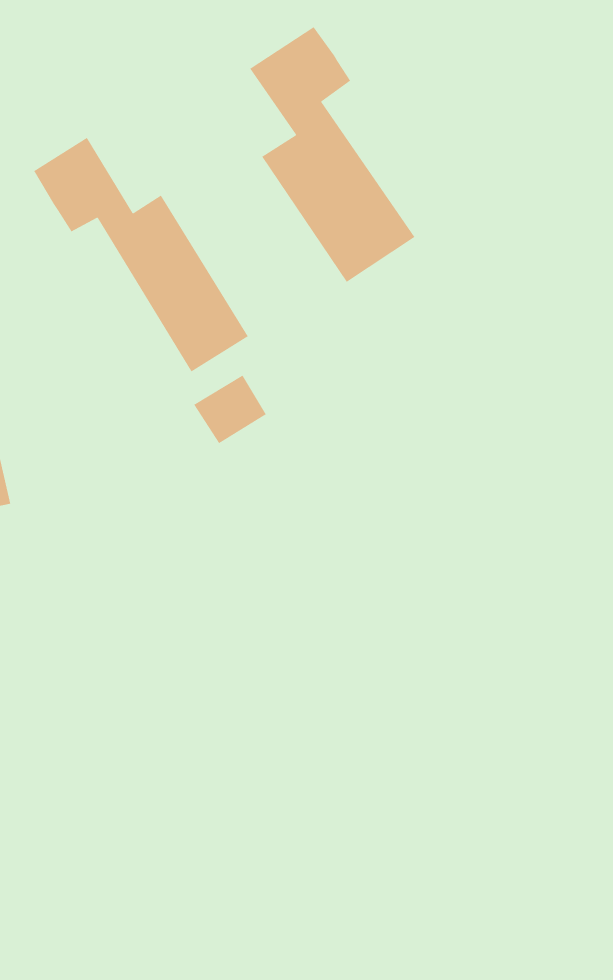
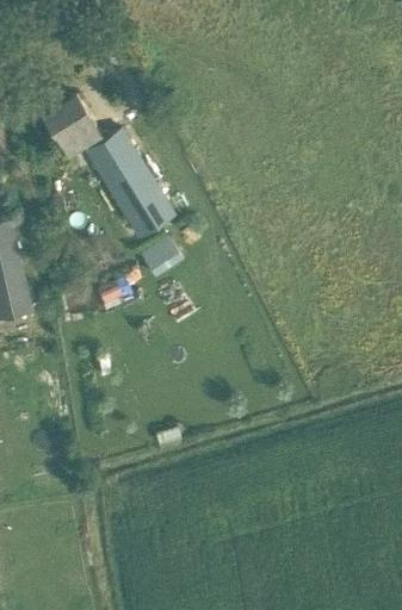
building: [249,26,415,283] -> none

